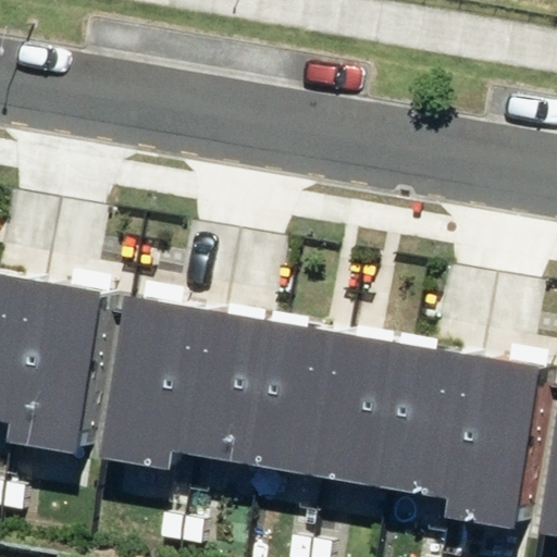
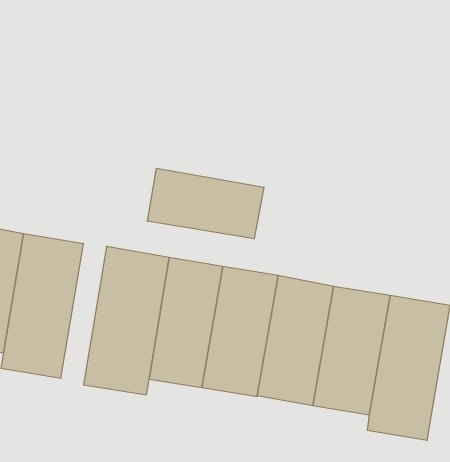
building: none -> [147,168,264,239]

